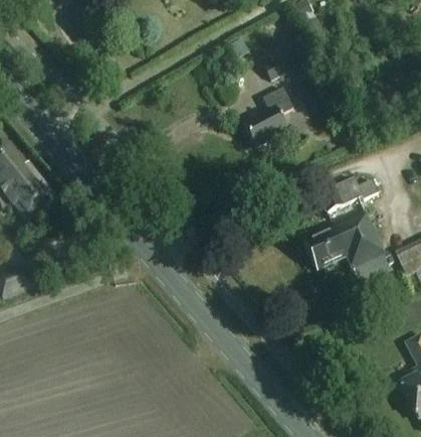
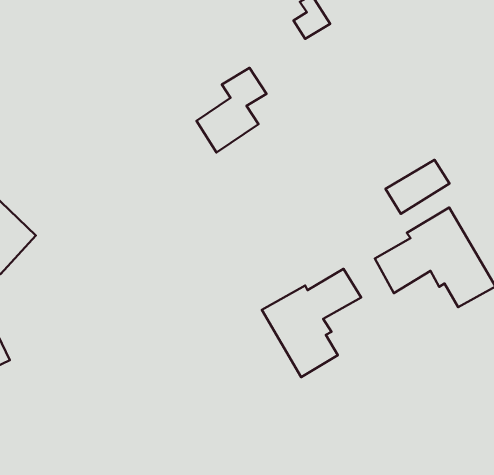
building: [241,87,293,145] -> [196,68,266,152]
building: none -> [262,269,361,377]

